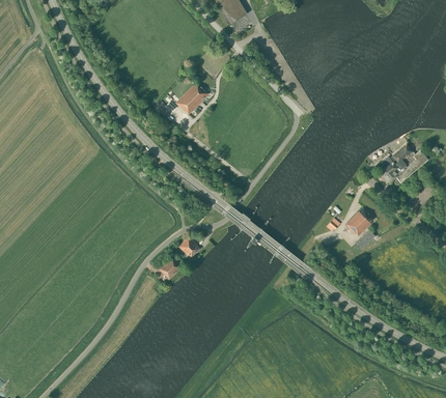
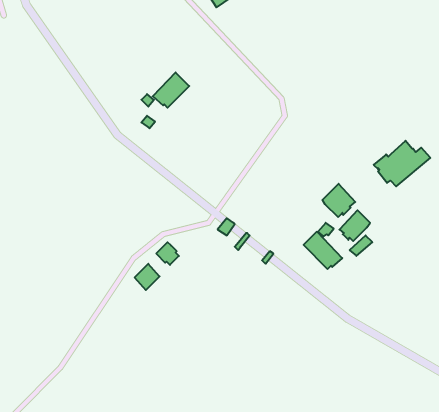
building: none -> [322,184,355,217]
building: none -> [304,232,342,269]

